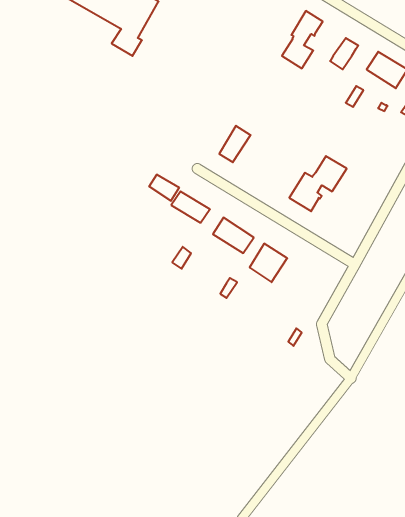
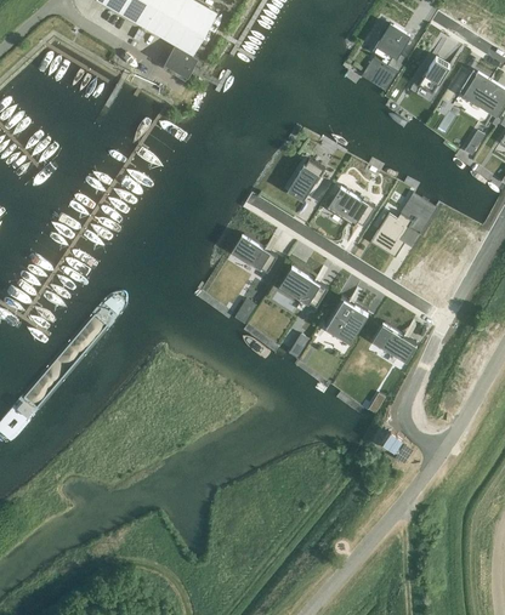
building: none -> [328,187,374,226]
building: [149,174,179,201] -> none
building: none -> [373,323,415,359]

